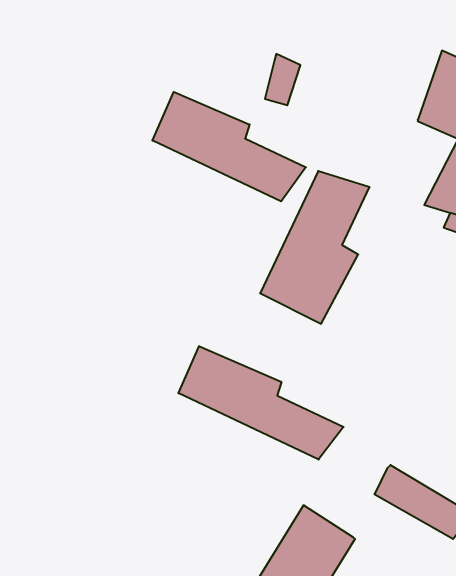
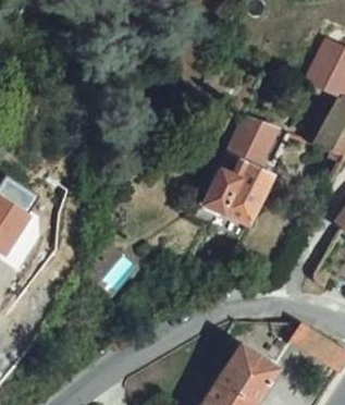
building: [152,92,306,201] -> none
building: [178,346,344,460] -> none

